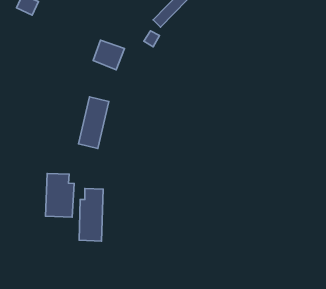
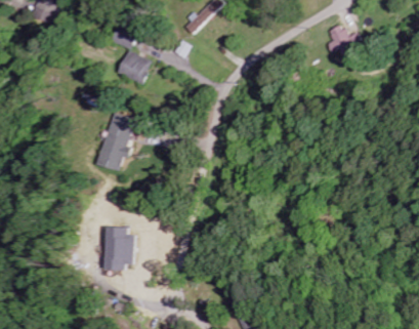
building: none -> [330,24,364,53]
building: [46,173,74,217] -> none

